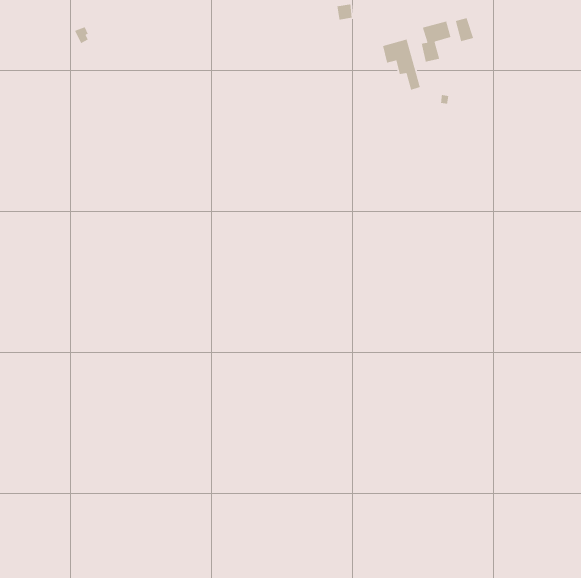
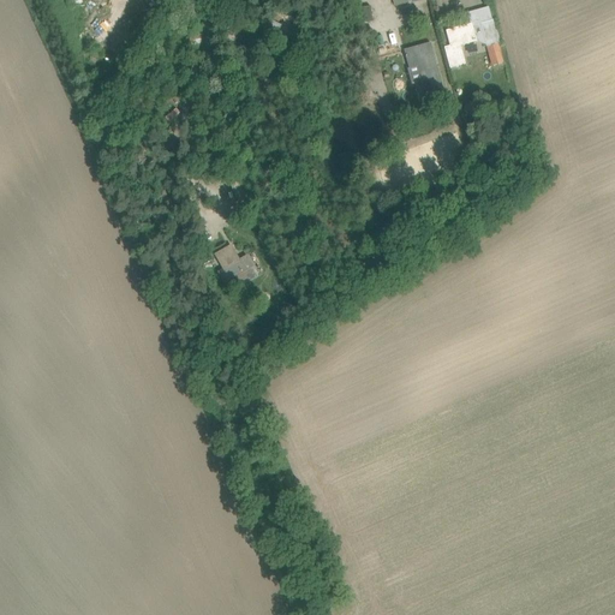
building: none -> [214,246,249,281]

